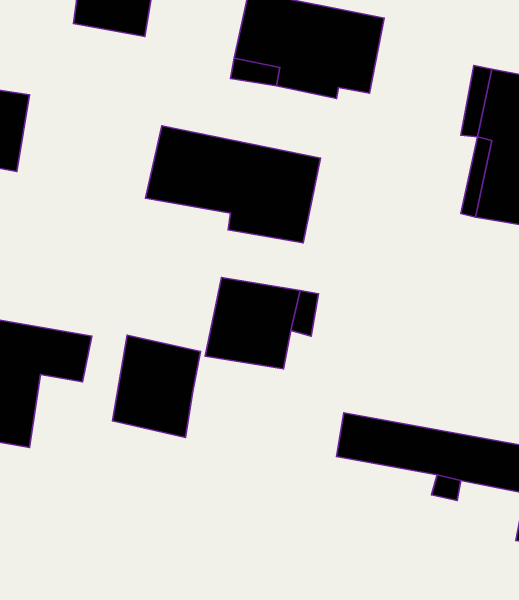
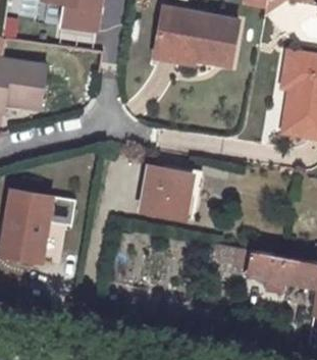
building: [145,126,320,243] -> none
building: [113,335,200,437] -> none

